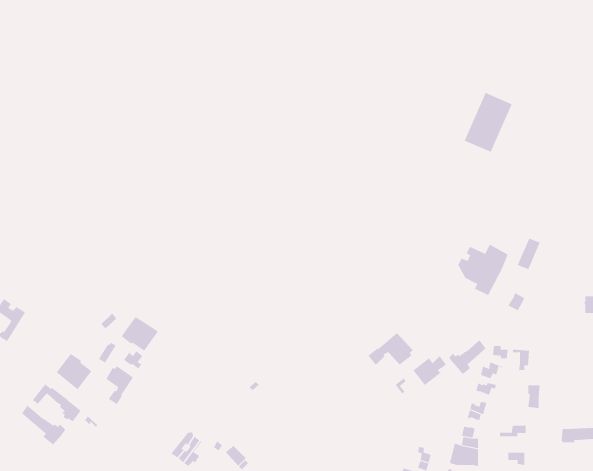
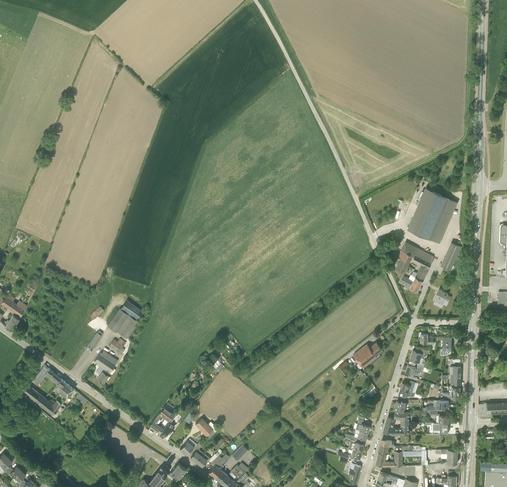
building: [464,92,513,153] -> [408,189,449,240]
building: [368,332,413,366] -> none
building: [449,340,486,375] -> none
building: [56,353,92,390] -> none

